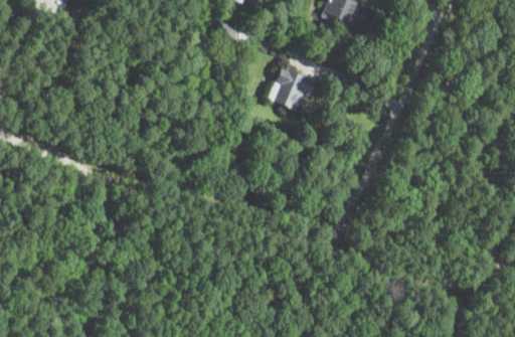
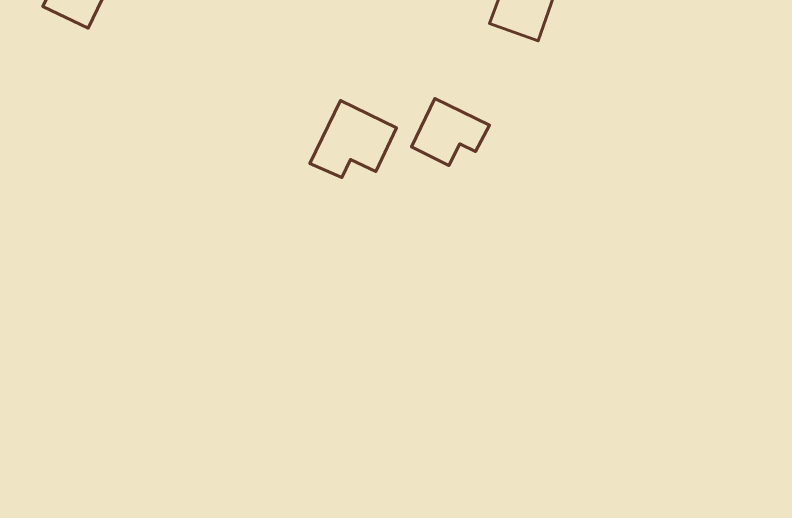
building: none -> [310,100,397,178]

